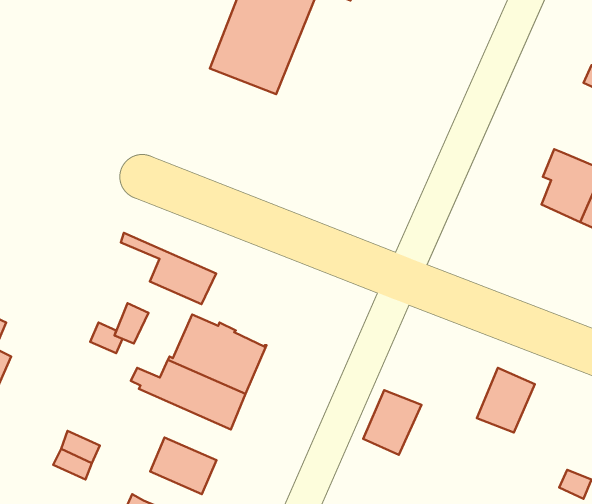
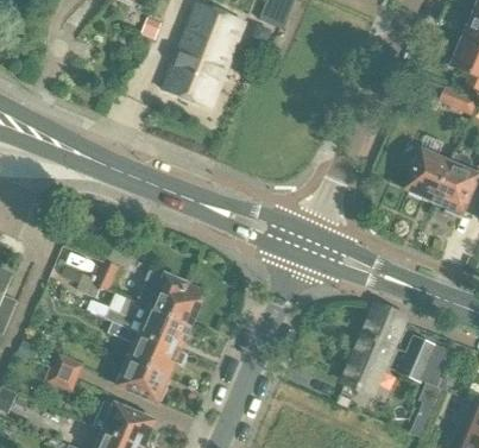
building: [121,233,216,304] -> [108,323,178,376]
building: [363,390,421,455] -> [344,345,386,392]
building: none -> [399,337,435,380]

